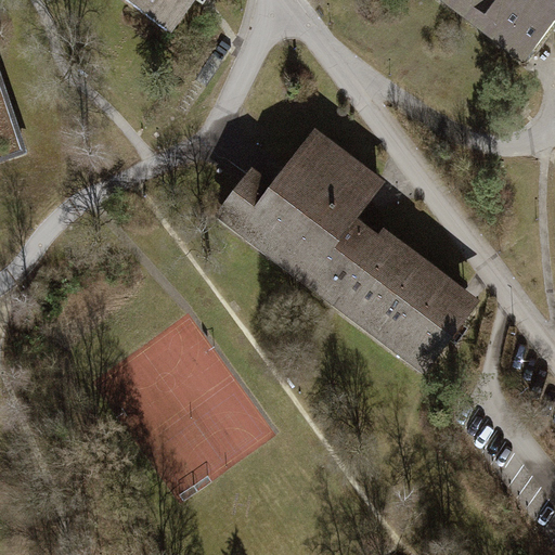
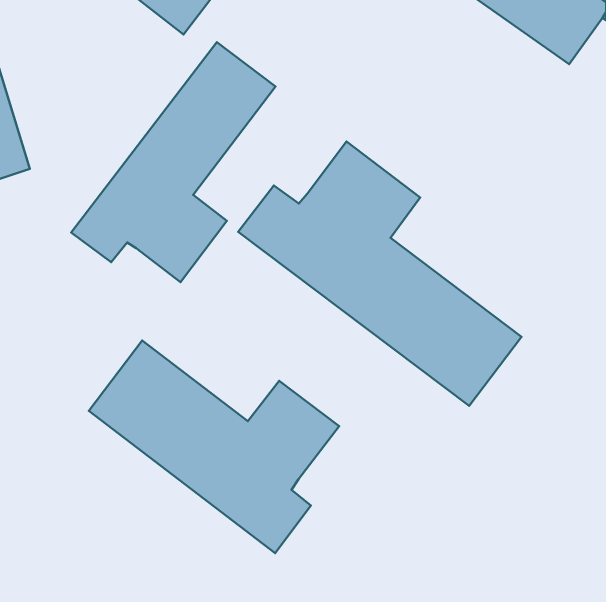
building: none -> [71,42,275,282]
building: none -> [89,341,339,553]

